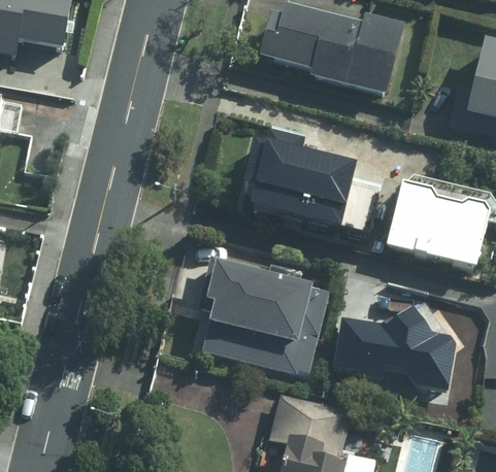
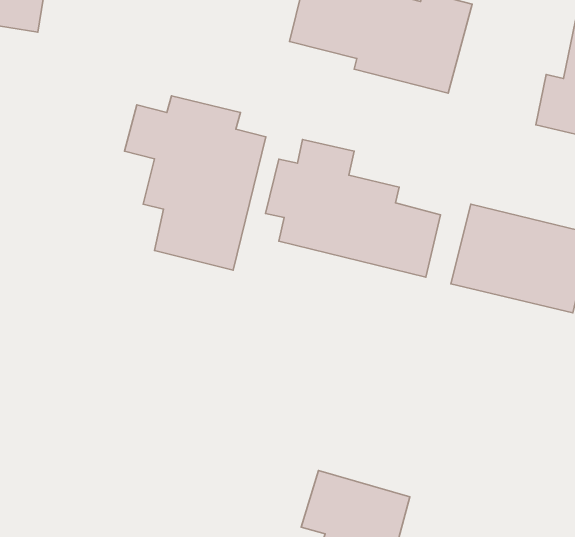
building: none -> [125,96,266,270]
building: [198,254,330,369] -> none
building: [333,310,453,392] -> none

